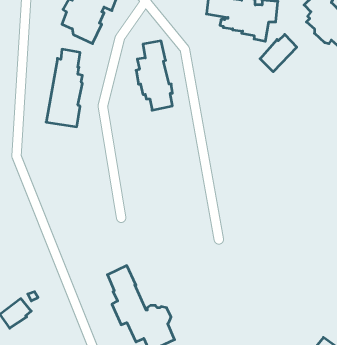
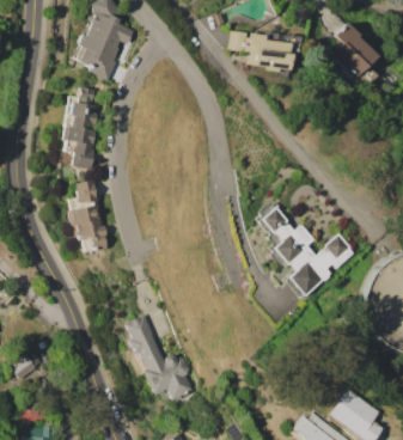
building: [260,34,297,72] -> none
building: [136,41,172,110] -> [68,179,106,252]
building: none -> [257,202,354,295]

